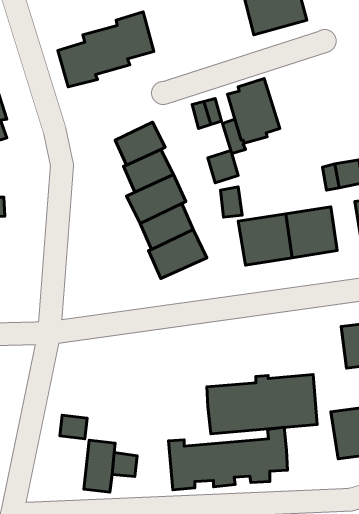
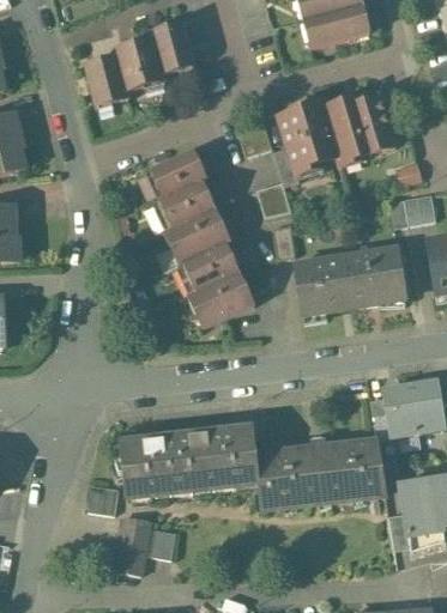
building: none -> [321,98,395,168]
building: none -> [370,384,416,435]
building: [169,427,287,490] -> [120,427,256,499]

